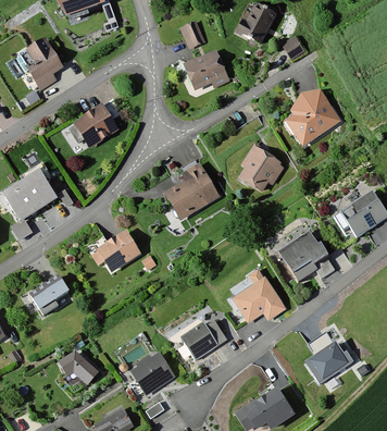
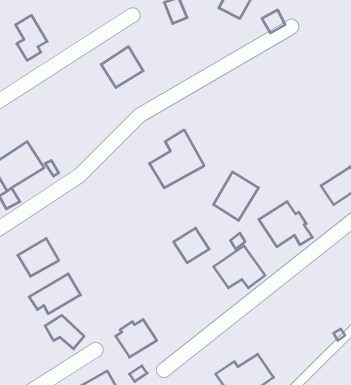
building: [183,50,225,88] -> none
building: [290,88,341,140] -> none
building: [73,103,116,146] -> [101,47,143,88]
building: [235,145,282,195] -> [213,172,259,220]
building: [90,227,143,269] -> [29,274,81,314]
building: [179,322,216,358] -> [174,228,209,263]
building: [304,342,352,383] -> none

